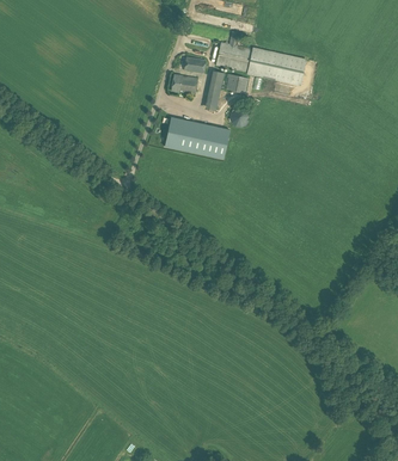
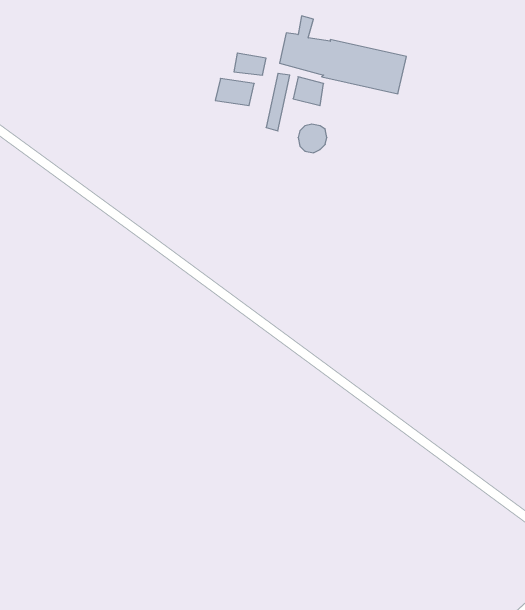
building: [165,116,229,158] -> none

